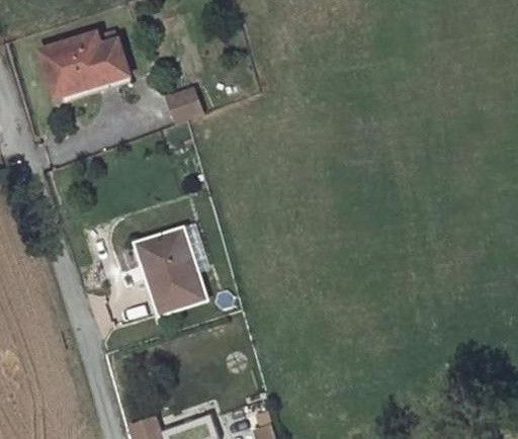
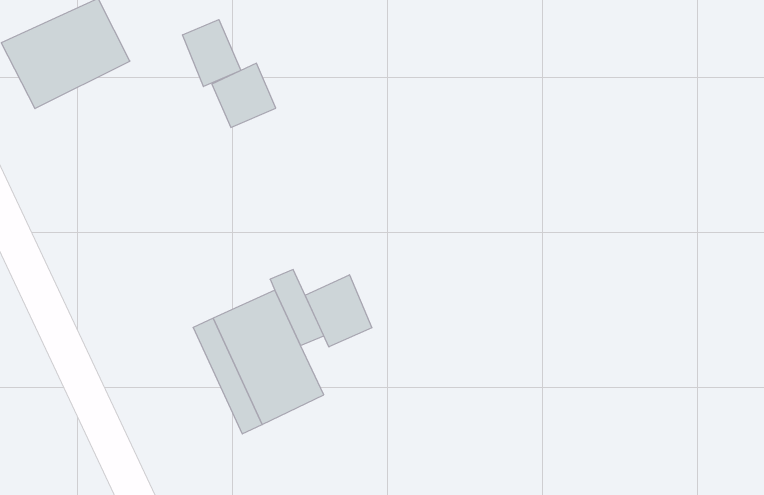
building: none -> [183,20,241,87]
building: none -> [305,275,372,347]

